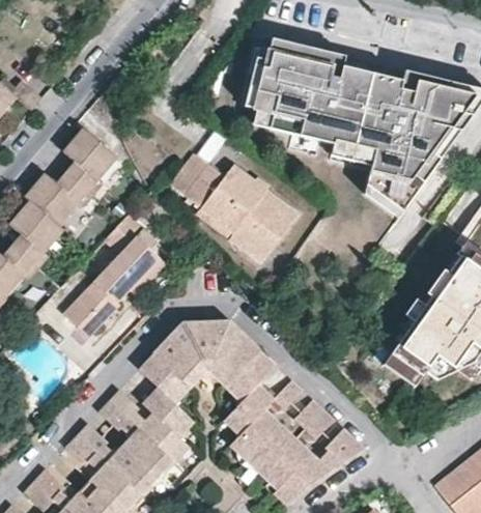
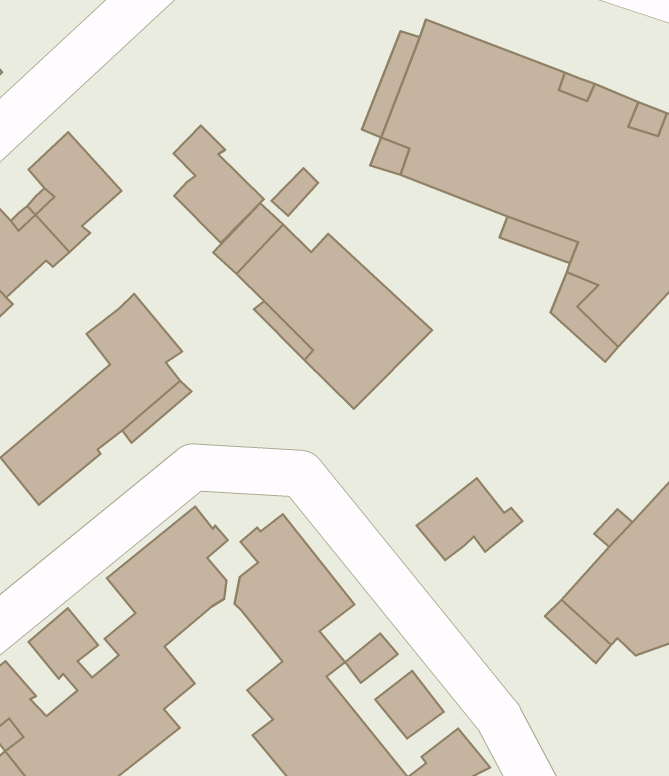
building: none -> [173,125,264,243]
building: none -> [417,478,523,560]
building: [179,325,229,391] -> none

